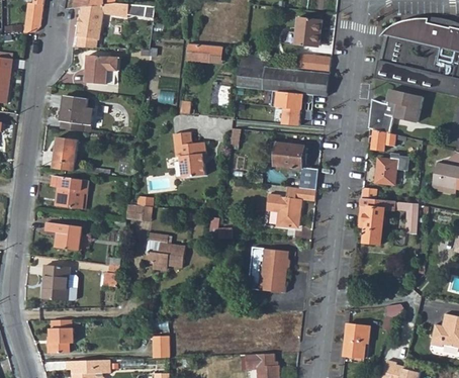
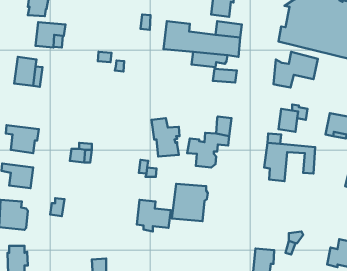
building: [185,43,211,63] -> none
building: [370,129,404,151] -> none
building: [172,131,205,177] -> [151,118,180,157]
building: [53,135,78,171] -> none
building: [273,141,303,169] -> none
building: [145,233,185,271] -> [137,200,171,231]

